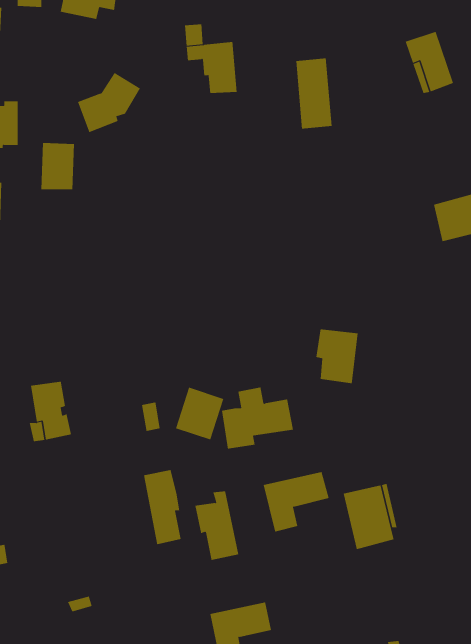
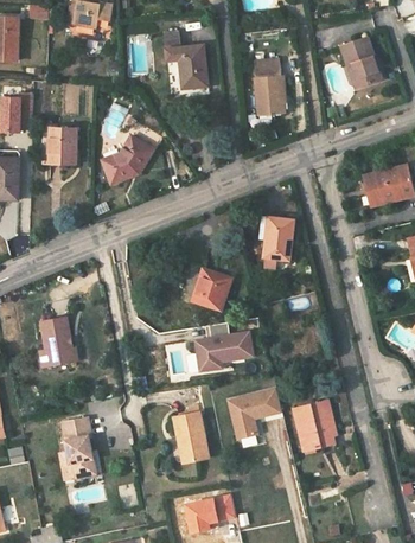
building: [77,72,141,133] -> [101,136,152,185]
building: [315,329,358,384] -> [258,217,293,261]
building: [175,387,224,440] -> [191,268,230,311]
building: [143,469,182,545] -> [60,417,91,478]

